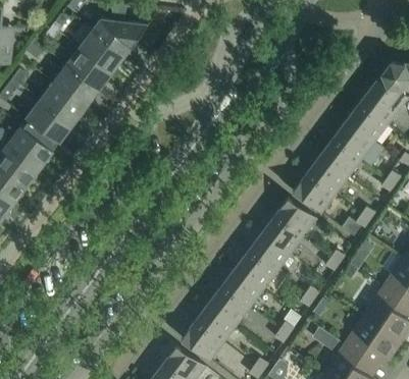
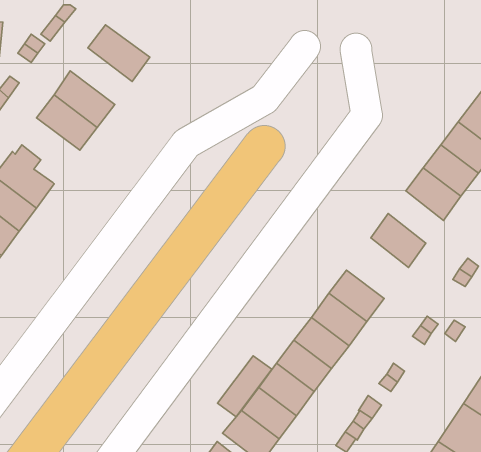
building: [92,18,148,54] -> none
building: [65,41,112,90] -> none
building: [25,100,72,149] -> none
building: [306,155,348,195] -> none
building: [274,197,316,236] -> none
building: none -> [218,356,272,417]

